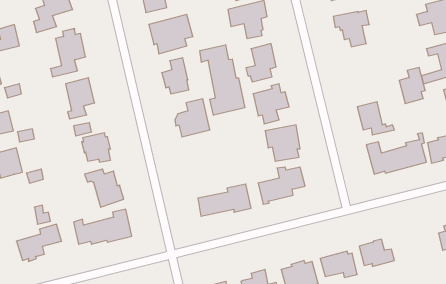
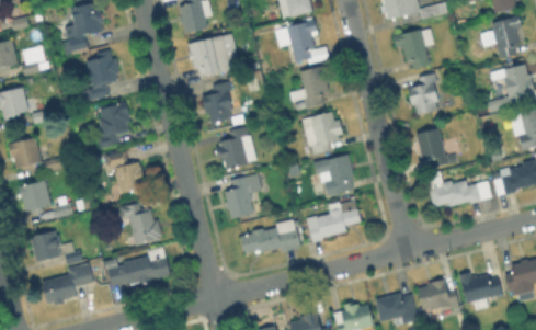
building: [200,45,245,115] -> none
building: [399,68,425,104] -> [410,73,438,113]
building: none -> [224,173,261,217]
building: none -> [31,231,60,263]
building: none -> [459,271,499,309]

